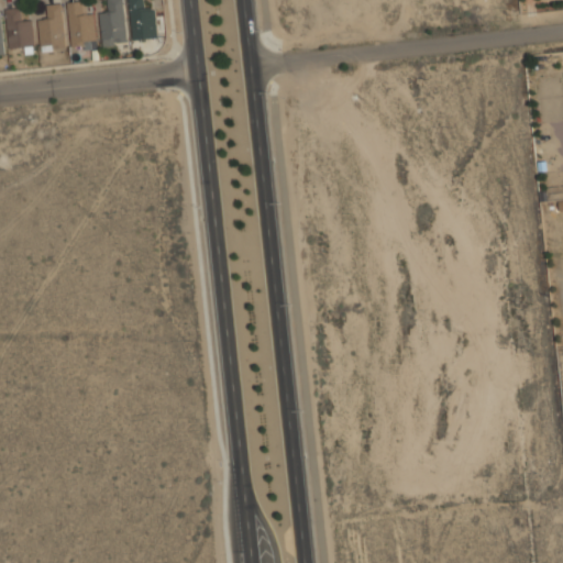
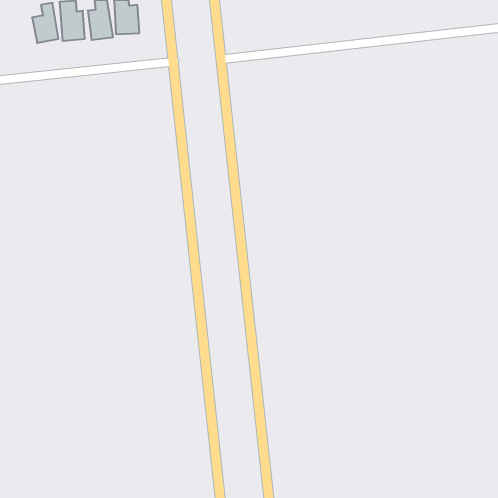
building: [8,8,33,46] -> none

